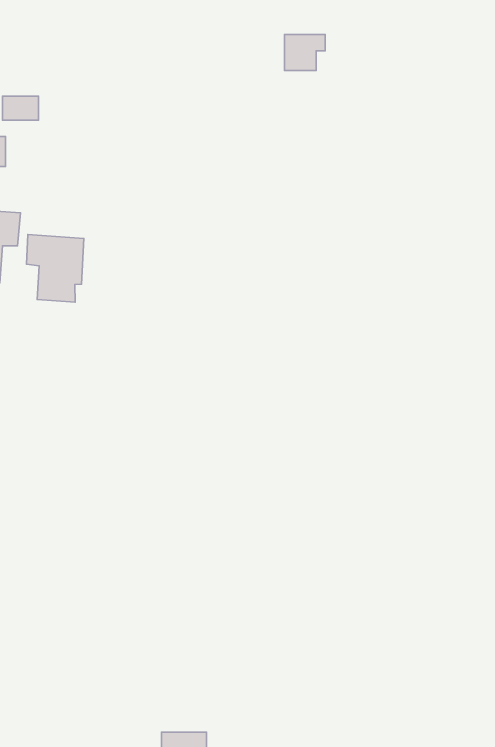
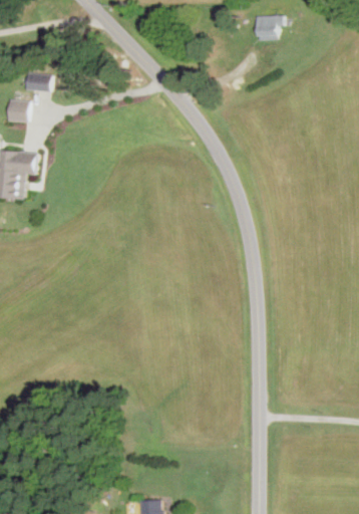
building: [285,35,325,70] -> [255,14,282,38]
building: [26,235,84,302] -> none

